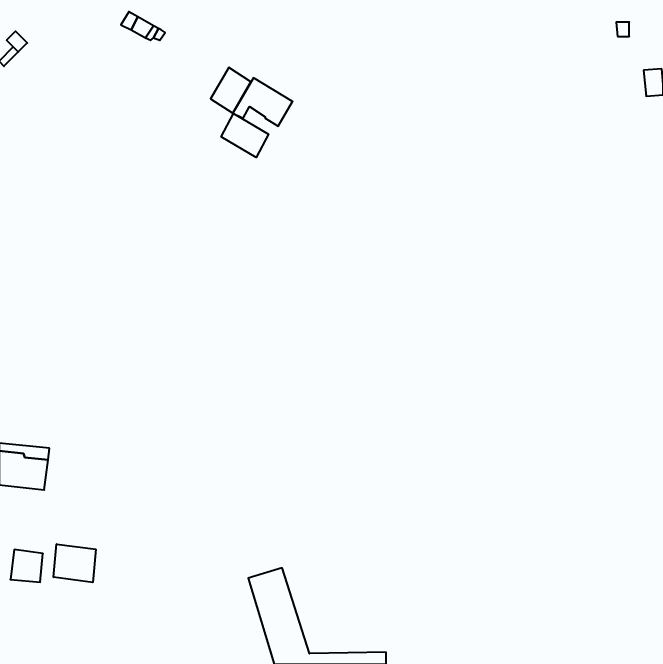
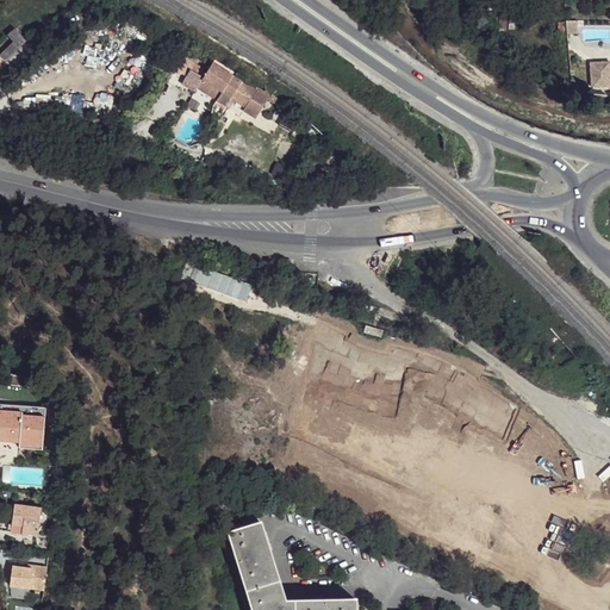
building: [221,113,268,157] -> none
building: [54,544,96,582] -> none
building: none -> [8,565,46,590]

